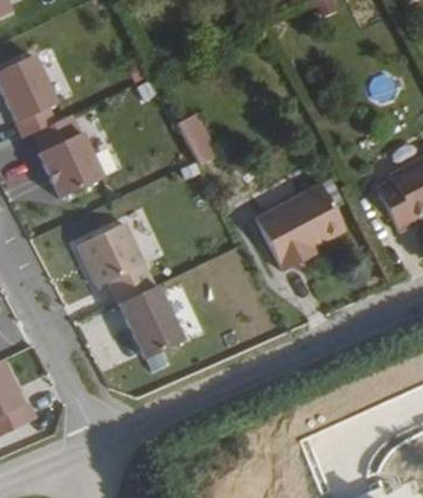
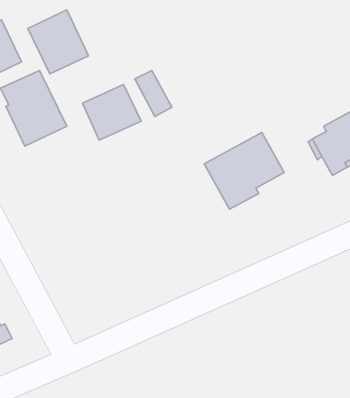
building: none -> [28,10,89,74]
building: [79,222,146,285] -> [83,84,141,140]
building: [118,285,182,358] -> none

